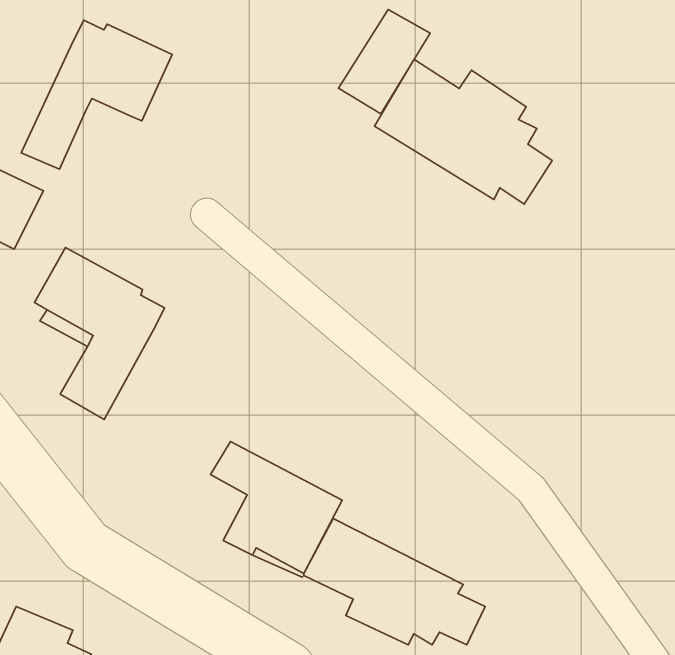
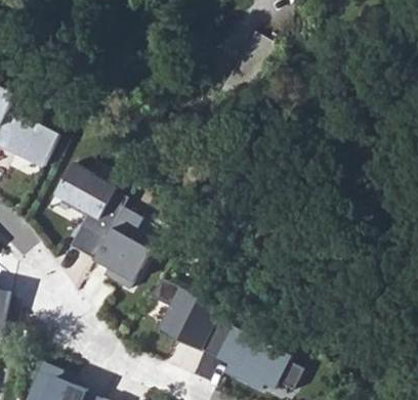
building: [21,20,172,169] -> none
building: [375,60,552,204] -> none
building: none -> [93,210,155,291]

